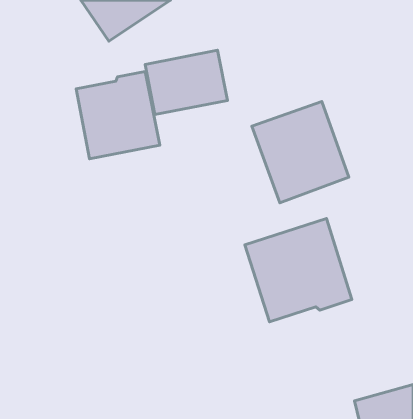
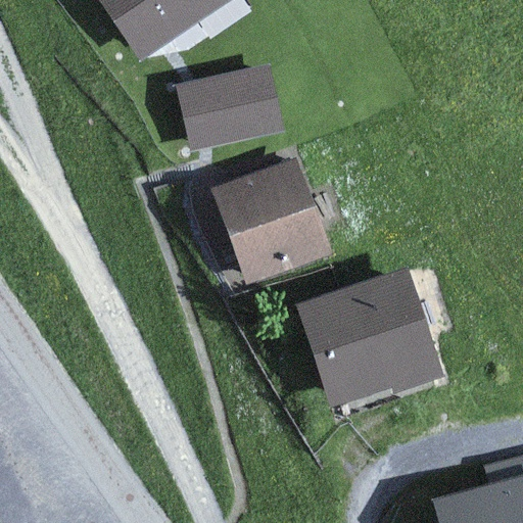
building: [76,72,160,159] -> none
building: [252,101,349,203] -> [212,158,333,284]

